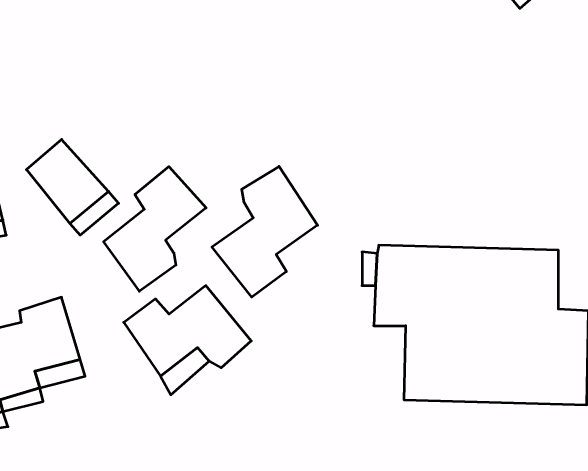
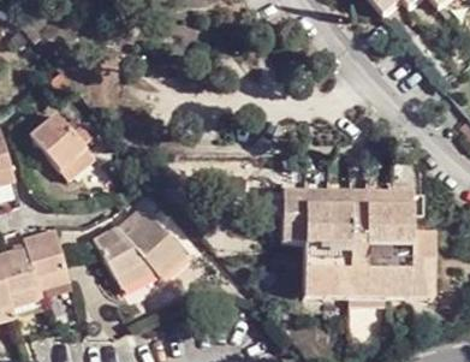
building: [212,166,318,297] -> none
building: [104,167,206,291] -> none

